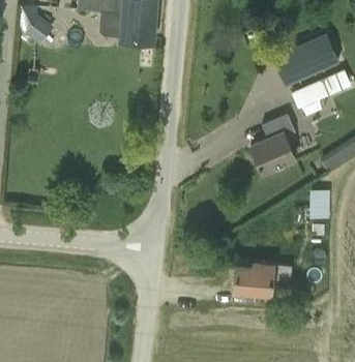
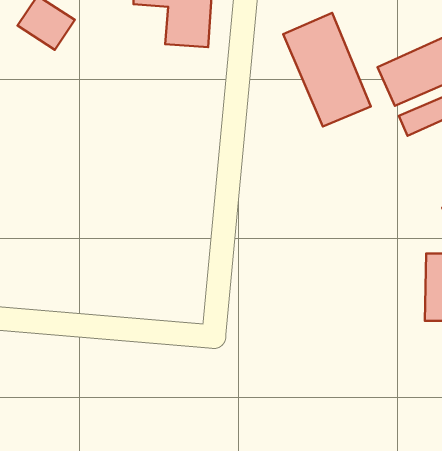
building: none -> [283,13,371,126]
building: [252,116,295,174] -> none
building: [233,262,289,295] -> none

